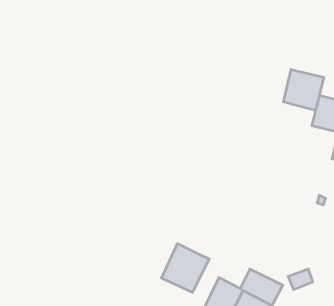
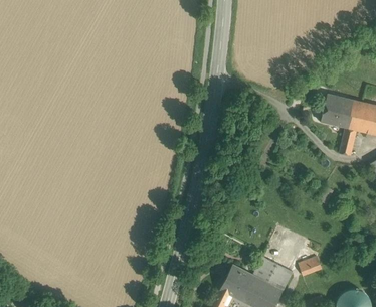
building: [283,69,324,111] -> none
building: [161,244,209,292] -> none

